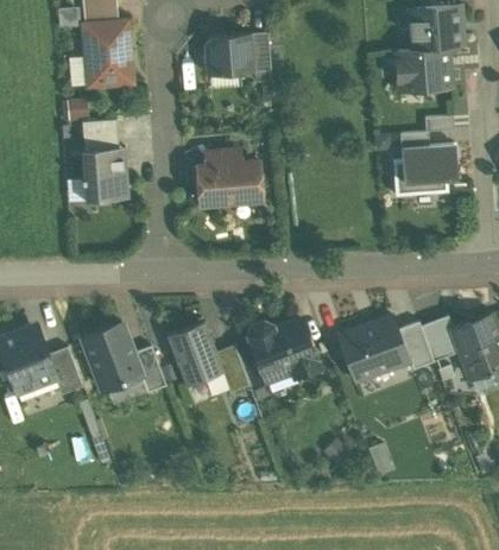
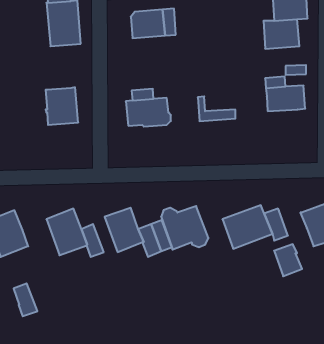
building: [81,120,118,151] -> none
building: [392,160,447,196] -> [198,96,235,121]
building: [419,316,460,362] -> [274,244,302,276]
building: [48,347,82,394] -> [14,283,37,316]

